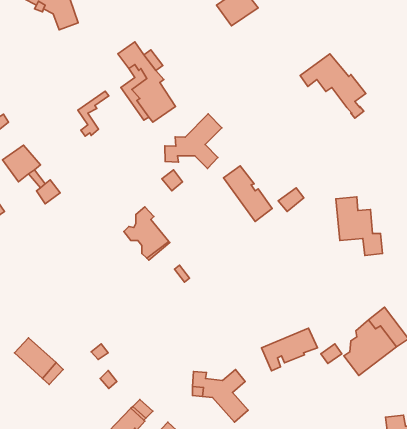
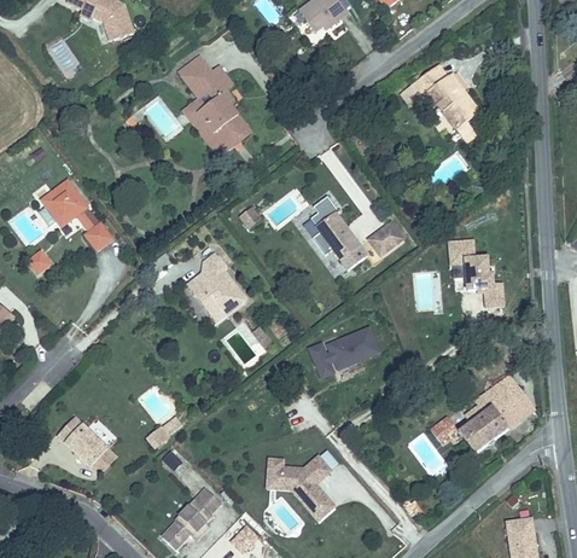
building: [78,91,109,136] -> none
building: [165,114,222,169] -> none
building: [262,328,317,371] -> [308,331,375,383]

